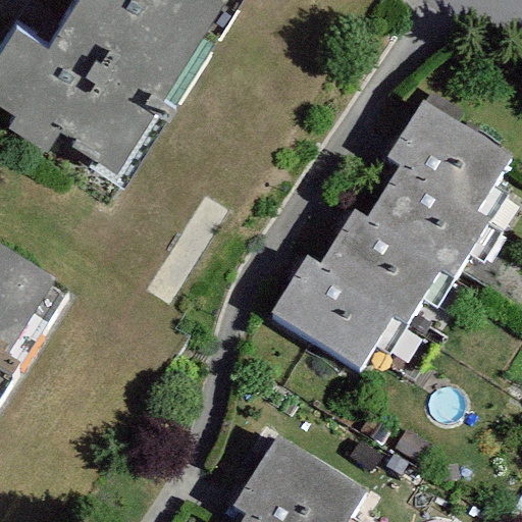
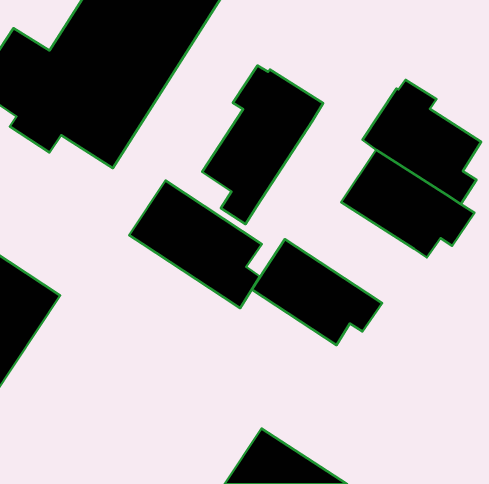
building: none -> [202,66,323,224]
building: none -> [129,180,262,308]
building: [311,204,448,318] -> none

